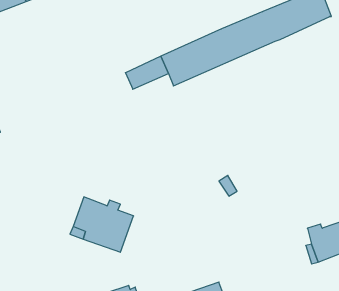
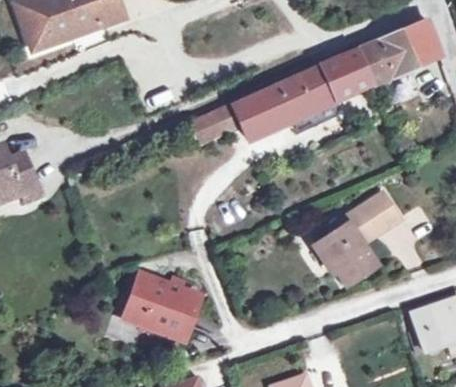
building: none -> [319,192,400,285]

